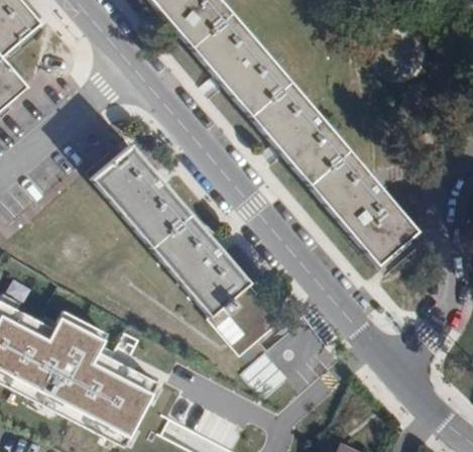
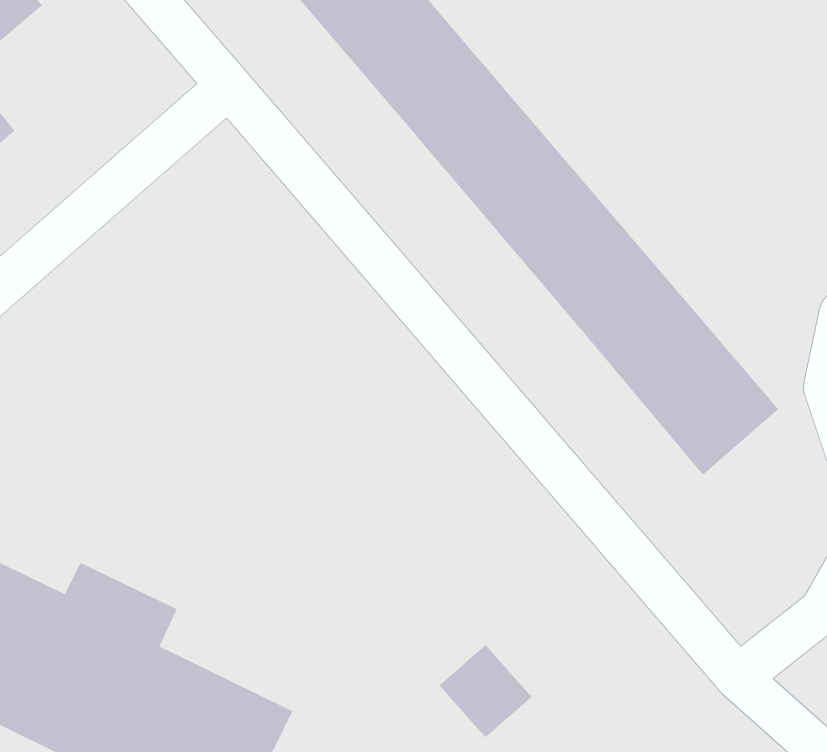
building: [92,142,282,354] -> none

